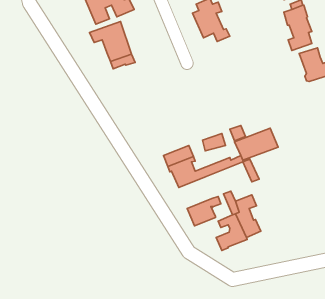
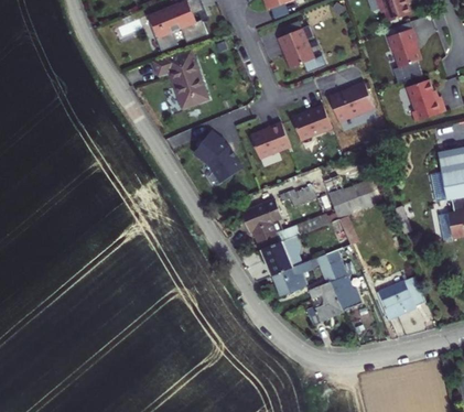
building: none -> [330,82,374,122]
building: none -> [292,106,332,141]
building: none -> [251,122,291,160]
building: none -> [195,131,242,183]
building: none -> [261,236,301,274]
building: none -> [377,275,424,318]

